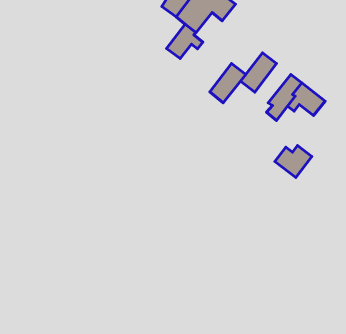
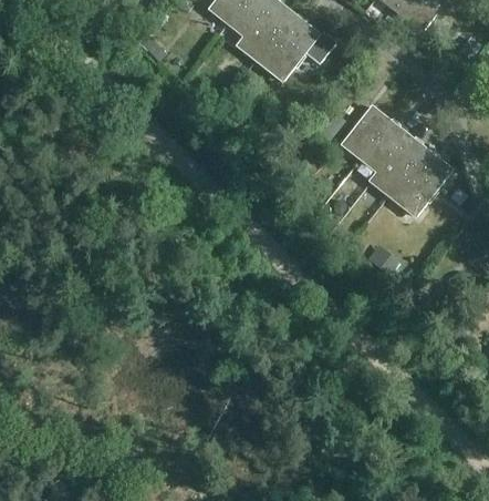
building: [167,24,203,58] -> none
building: [210,64,246,103] -> [360,121,407,173]
building: [275,146,312,177] -> [388,175,437,217]

